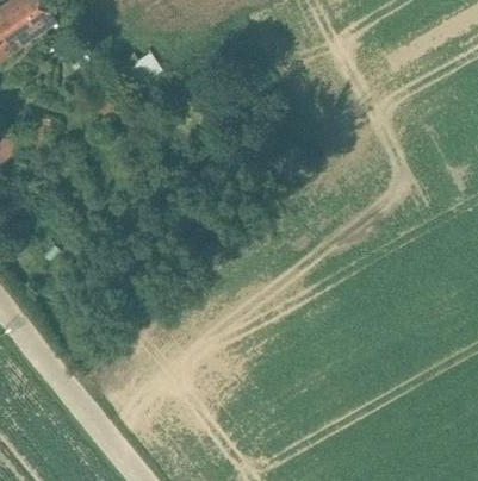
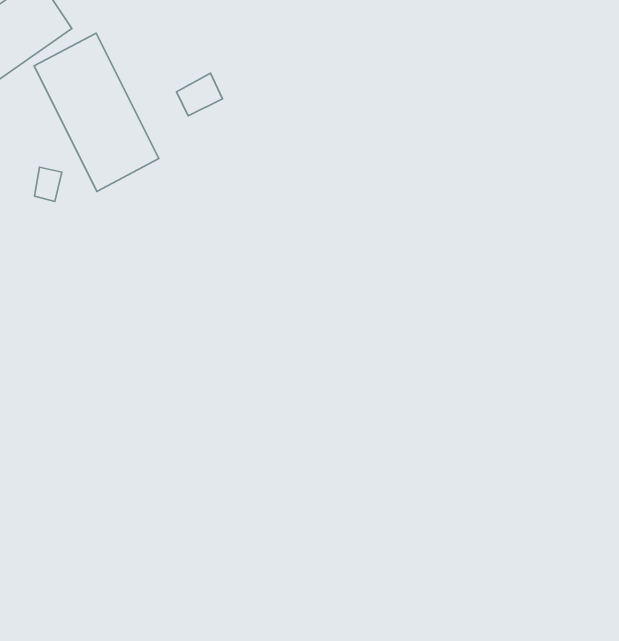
building: none -> [34,33,159,191]

